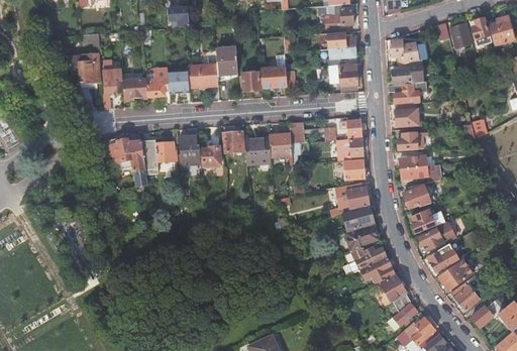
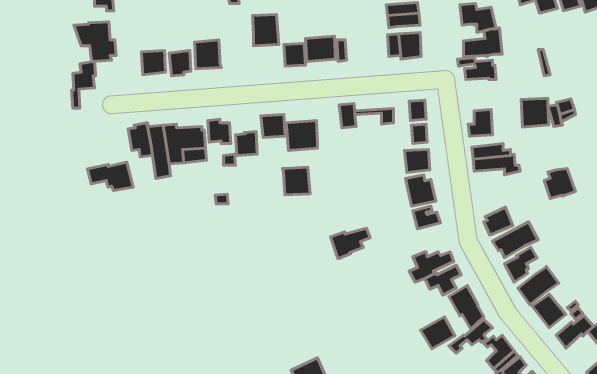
building: [188,65,218,88] -> none
building: [103,70,123,109] -> [71,61,96,108]
building: [395,103,418,127] -> [521,98,549,127]
building: [269,133,292,156] -> [282,167,310,195]
building: none -> [88,162,133,191]
building: [404,184,430,209] -> [544,169,576,199]
building: [343,226,377,251] -> [330,228,370,258]
building: none -> [420,317,455,349]

